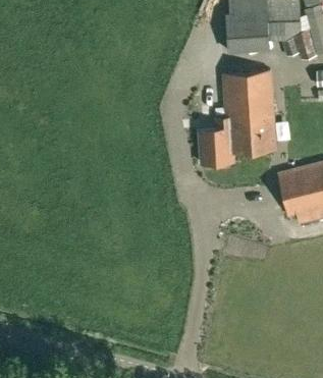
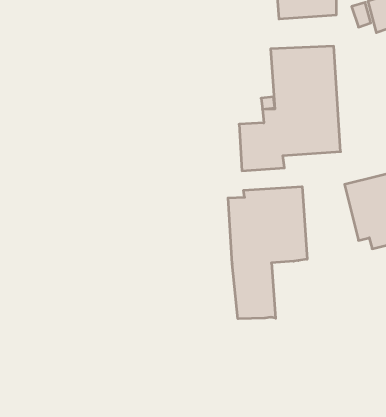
building: none -> [228,187,307,319]

